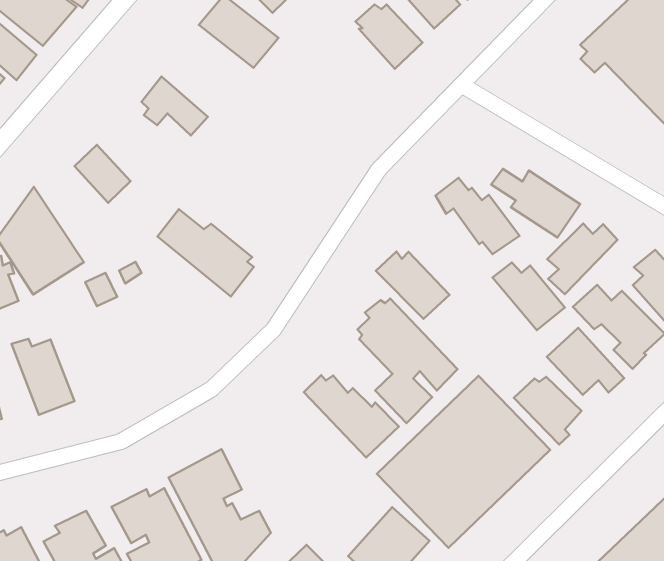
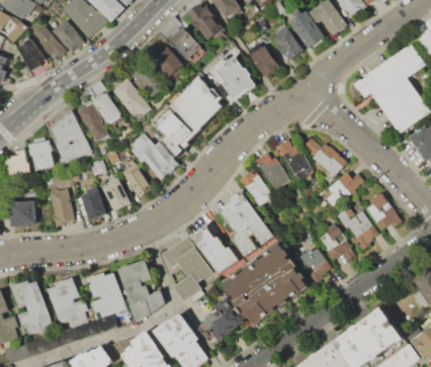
building: none -> [150,41,183,77]
building: none -> [218,57,255,101]
building: none -> [145,75,223,158]
building: none -> [112,78,152,116]
building: none -> [79,103,107,142]
building: [492,262,565,330] -> [255,153,289,189]
building: none -> [121,159,151,195]
building: none -> [101,179,128,210]
building: none -> [79,189,105,220]
building: none -> [162,236,211,300]

